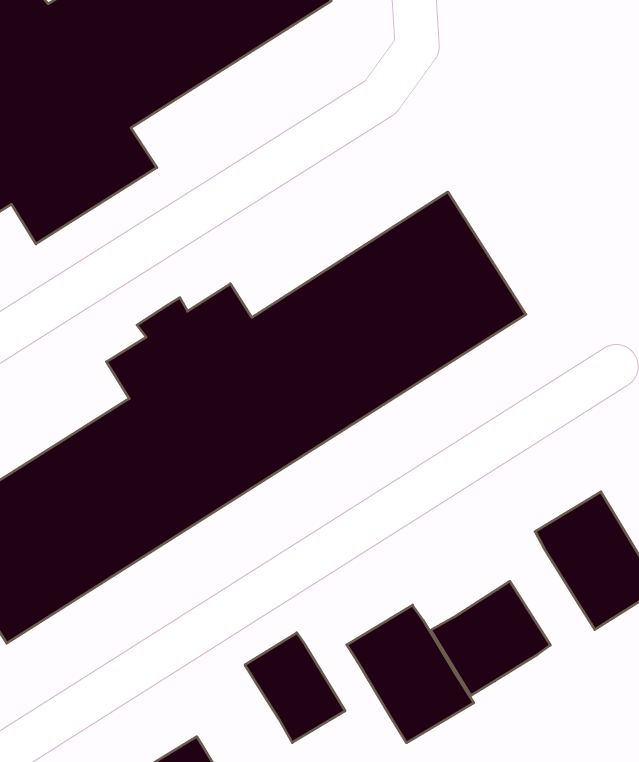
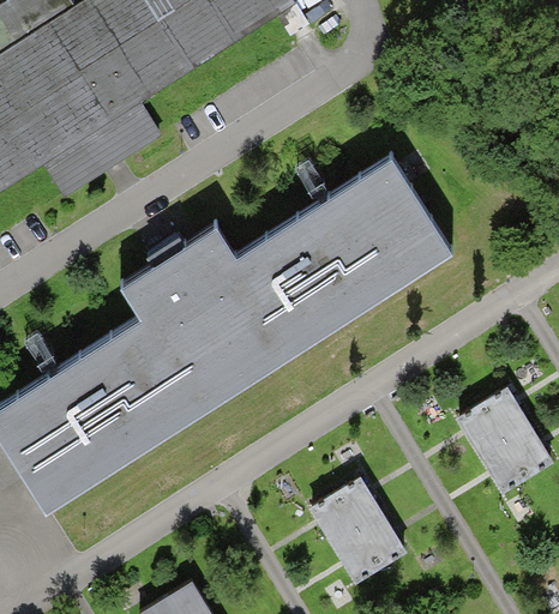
building: [431,581,550,695] -> none
building: [245,633,345,743] -> none

